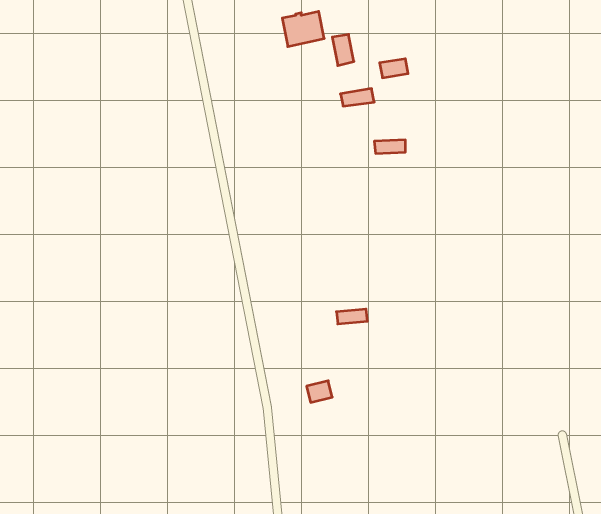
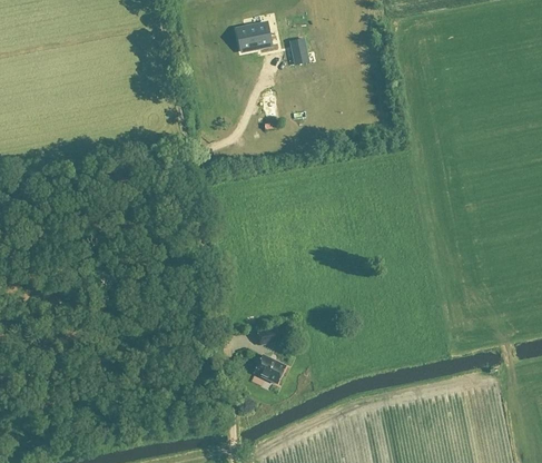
building: none -> [253,354,284,382]

